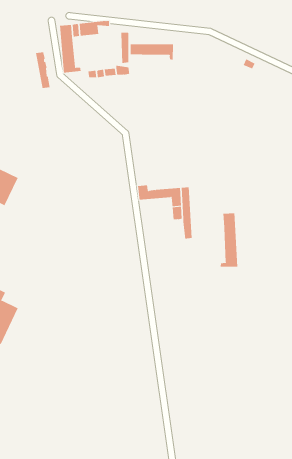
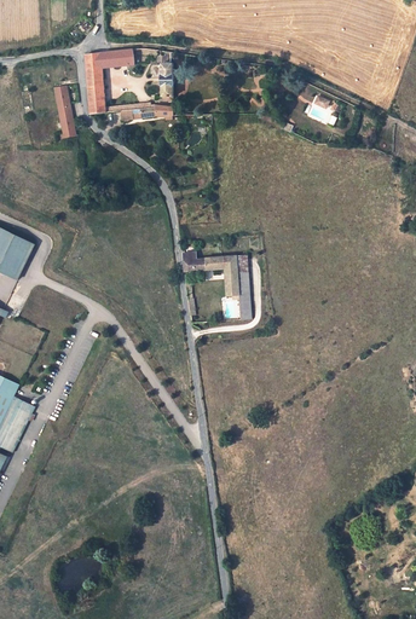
building: [130,43,174,61] -> none
building: [220,212,238,268] -> none

